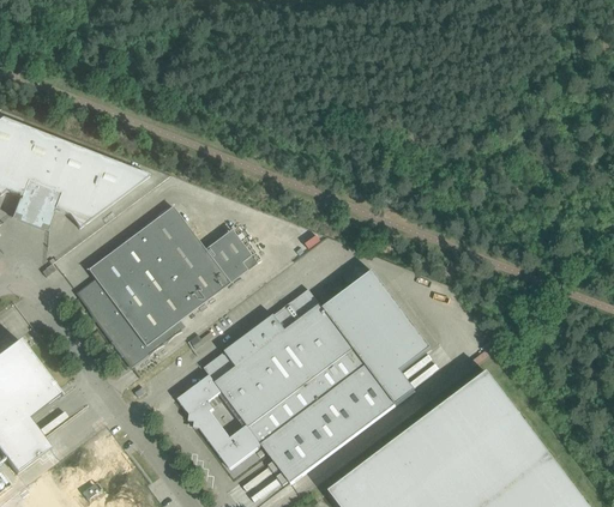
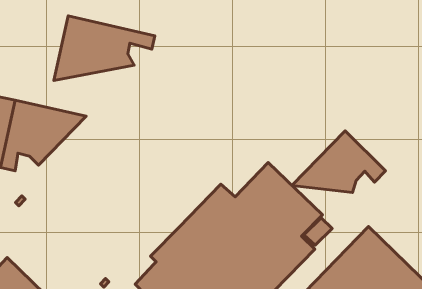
building: none -> [54,16,155,80]
building: [76,204,255,366] -> none
building: none -> [292,131,386,192]

